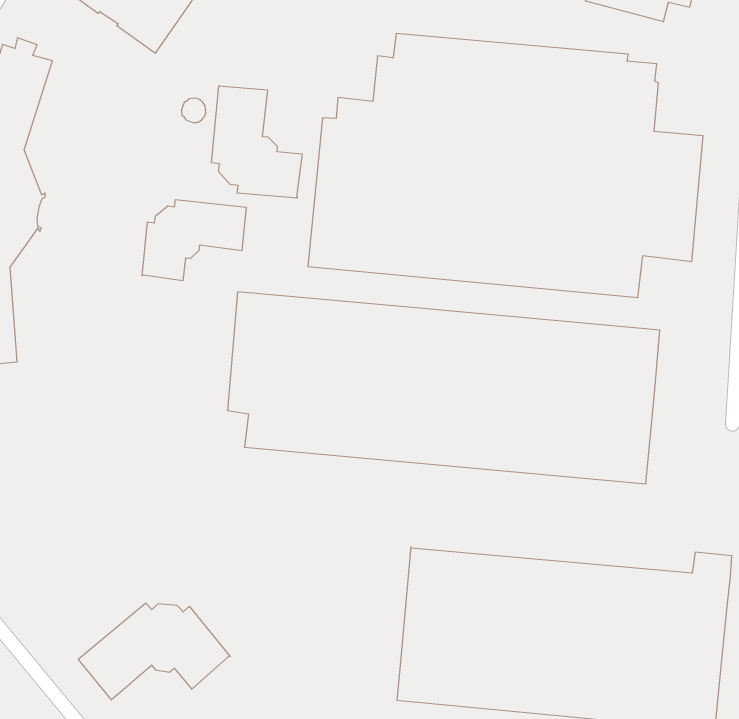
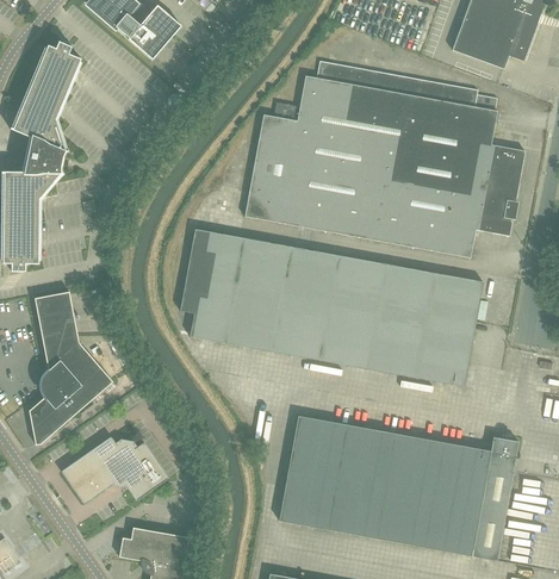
building: [212,86,302,198] -> none
building: [142,200,246,281] -> none
building: none -> [29,291,112,444]

